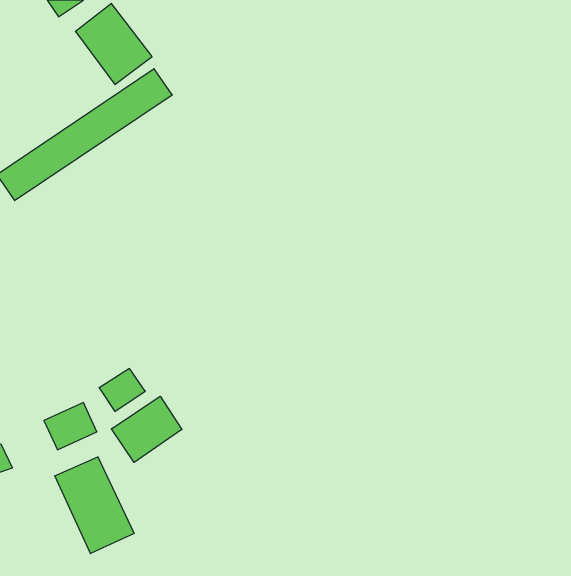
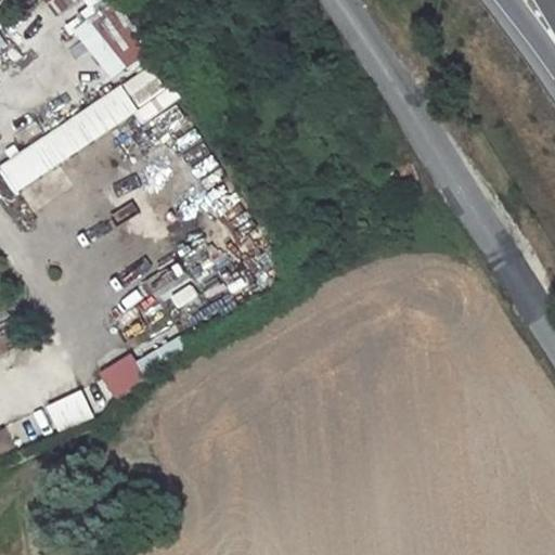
building: [111,396,182,462] -> none
building: [55,457,134,554] -> none

